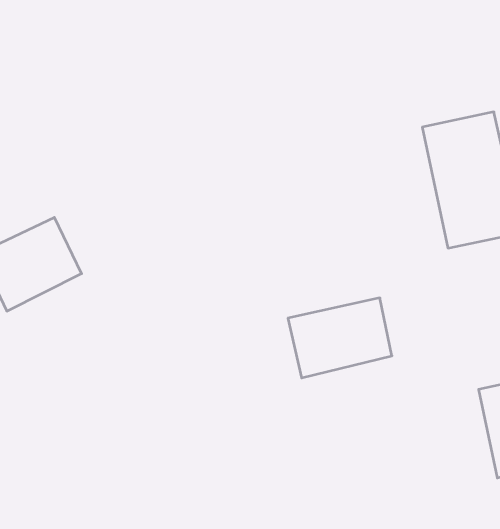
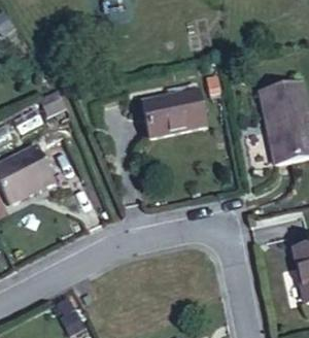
building: [288,298,392,378] -> [142,88,205,136]

